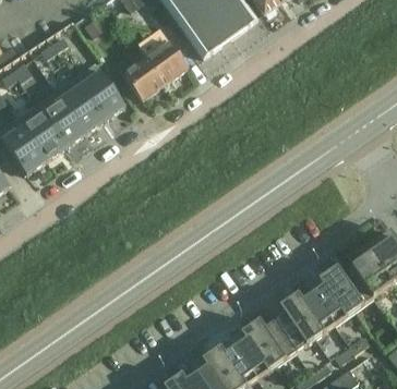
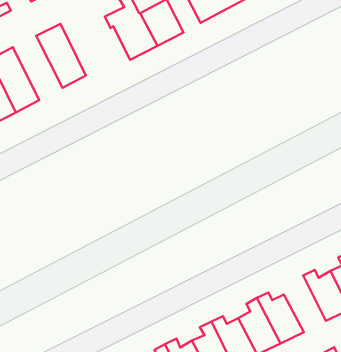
building: [75,63,124,120] -> none
building: [35,90,85,147] -> none
building: [312,273,353,325] -> none

